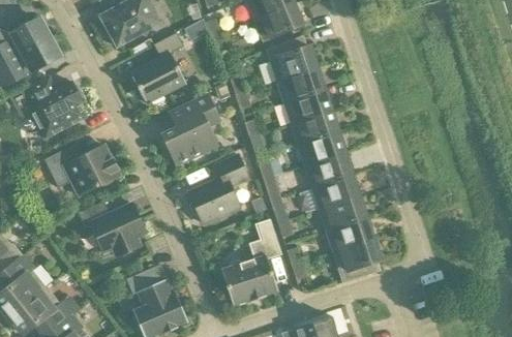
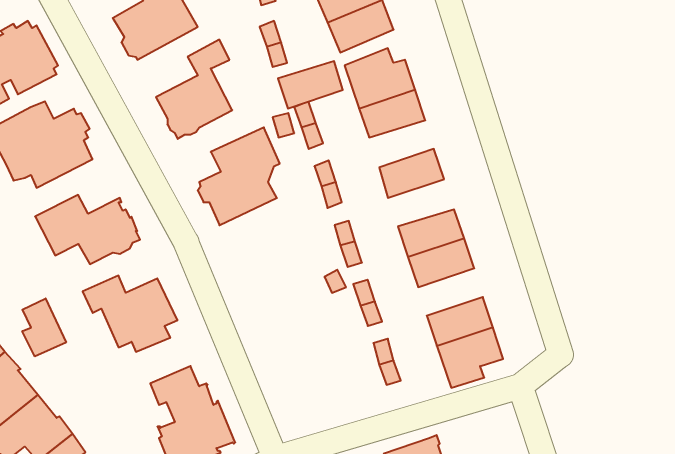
building: [284,90,331,124] -> [278,61,343,109]
building: [298,132,345,166] -> none
building: [189,154,250,223] -> none
building: [320,196,366,231] -> none
building: none -> [22,298,66,356]
building: [222,219,282,305] -> none

